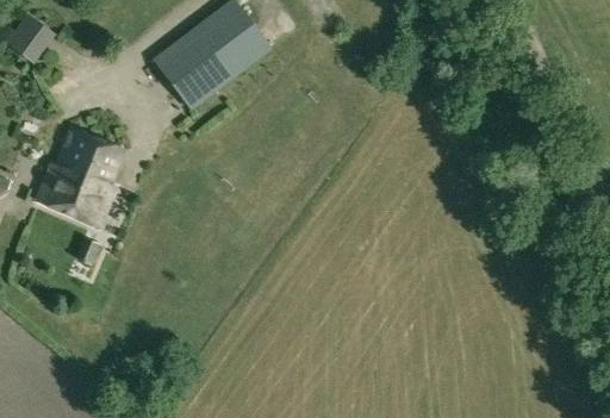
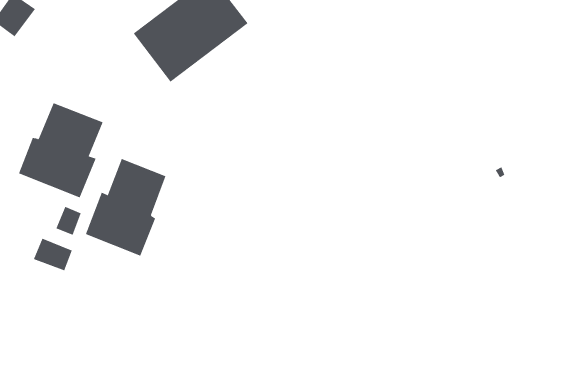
building: none -> [85,158,166,256]
building: none -> [33,238,72,271]

